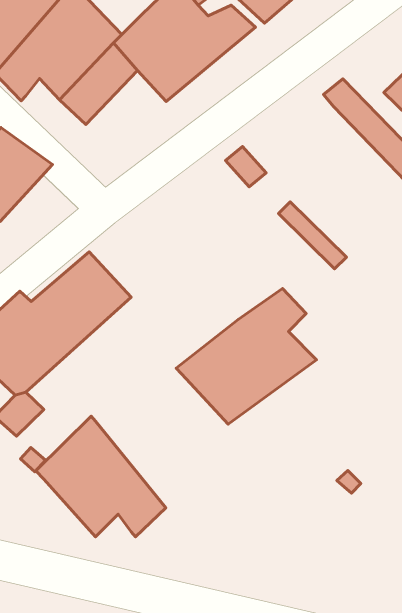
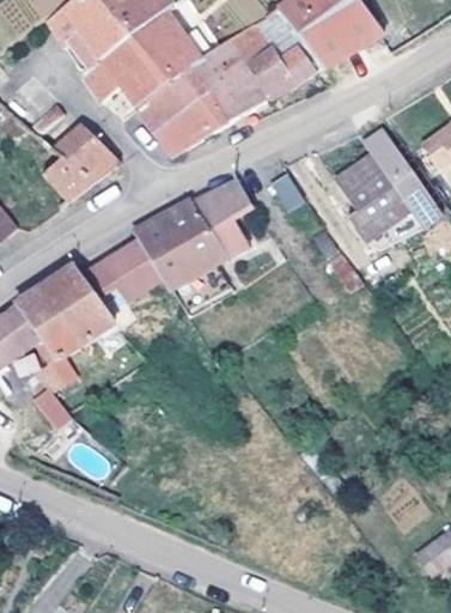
building: none -> [154,92,227,156]
building: none -> [333,152,412,236]
building: [176,289,317,424] -> [132,178,255,289]
building: [36,416,166,537] -> none

